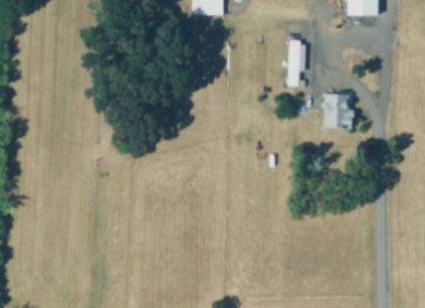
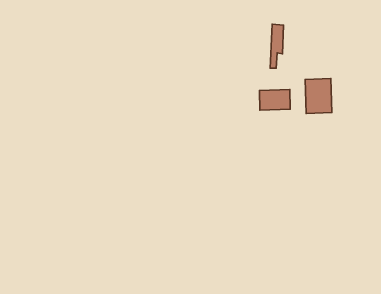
building: none -> [259,90,290,110]

